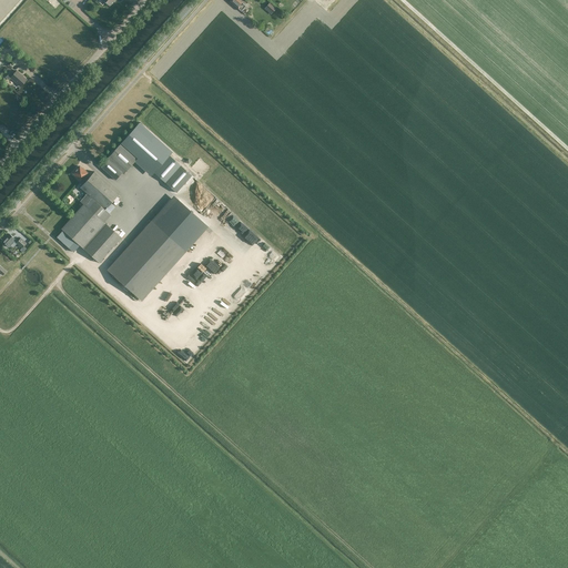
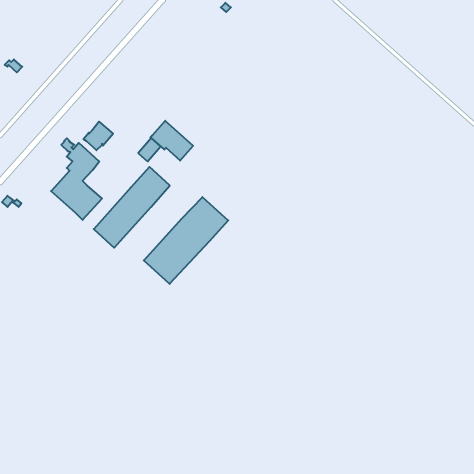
building: [119,125,170,173] -> [150,121,193,161]
building: none -> [144,197,228,284]

